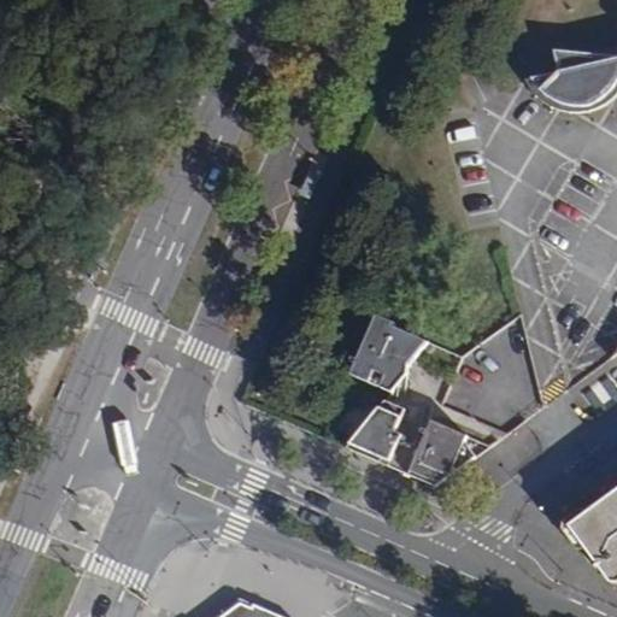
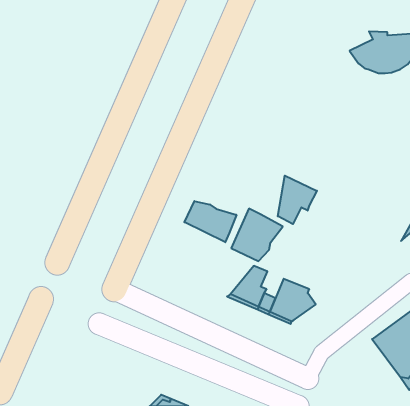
building: none -> [278,176,317,224]
building: none -> [184,201,236,242]

